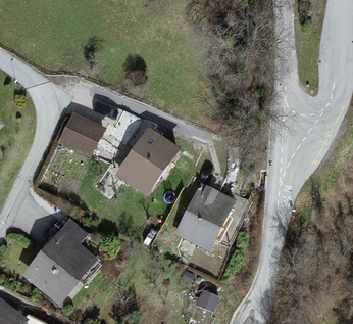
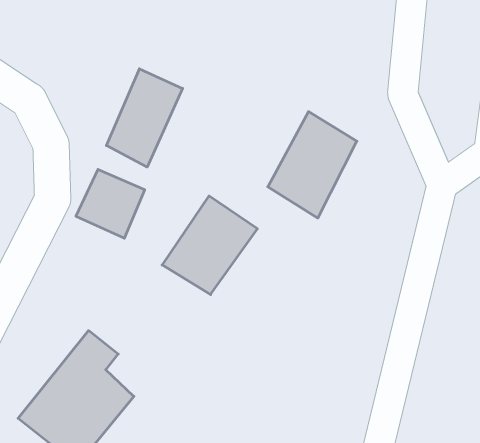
building: none -> [106,69,183,167]
building: [175,181,234,250] -> [268,112,357,218]

